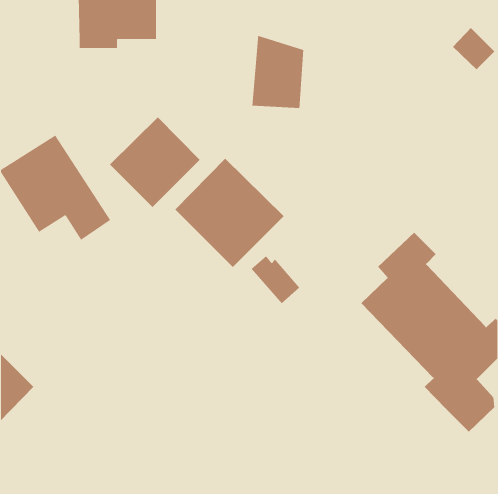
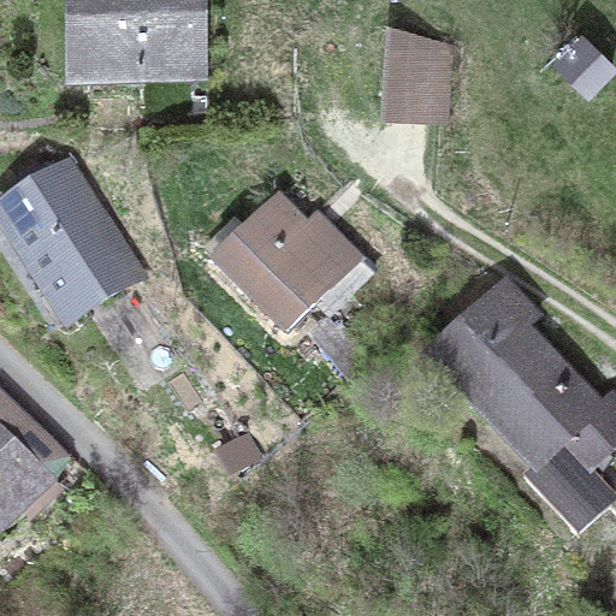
building: [252,35,304,109] -> [384,24,449,116]
building: [109,117,200,208] -> none

